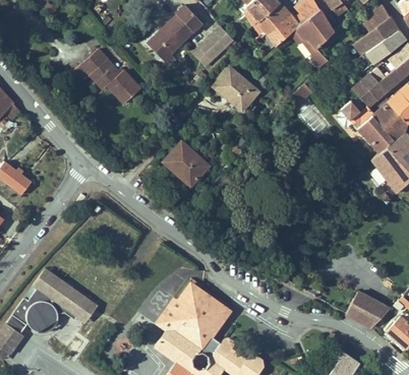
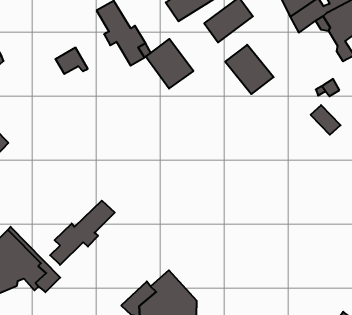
building: [75,57,106,82] -> [55,48,88,74]
building: [163,138,208,183] -> [146,39,193,89]
building: none -> [50,201,115,265]

